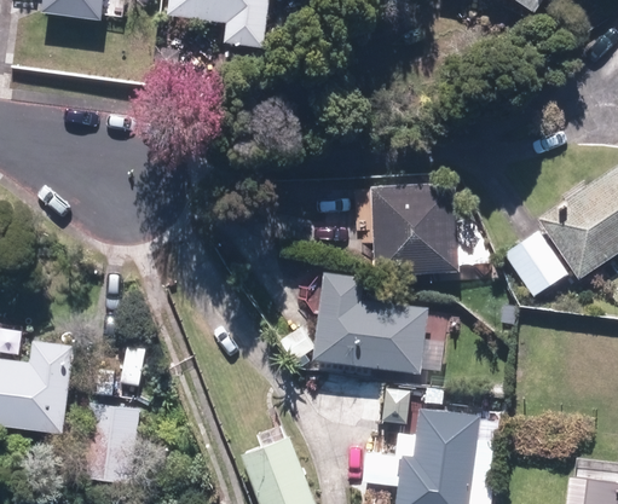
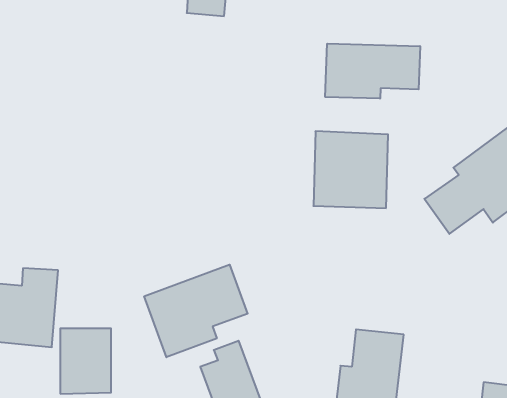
building: none -> [325,44,420,99]
building: [314,274,428,375] -> none
building: none -> [144,265,248,357]

